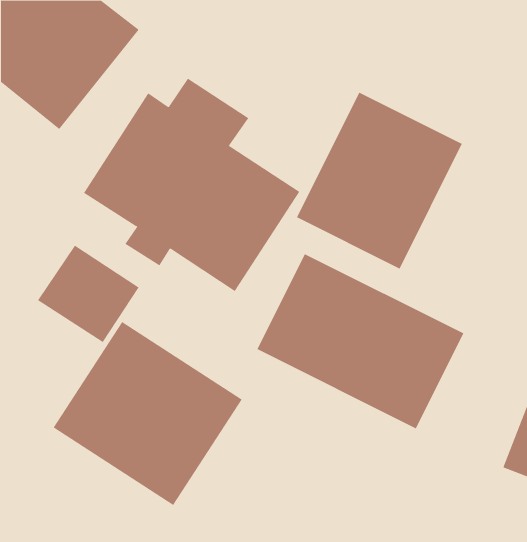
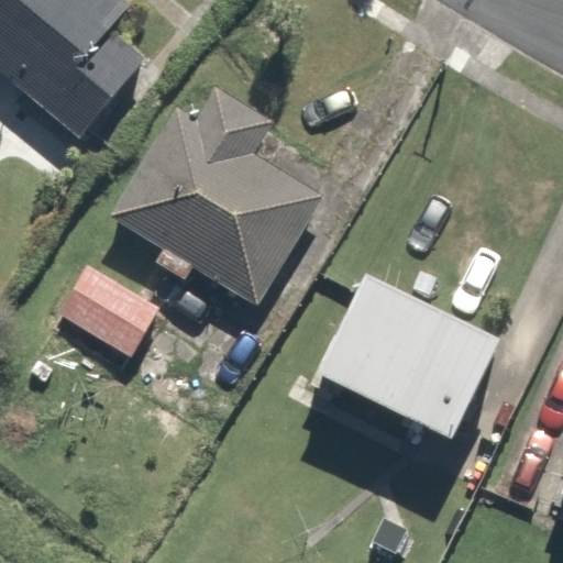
building: [296,92,463,269] -> none
building: [53,321,242,506] -> none

